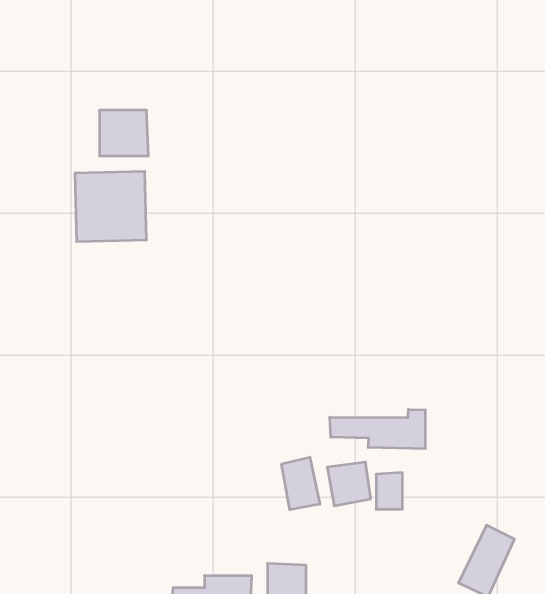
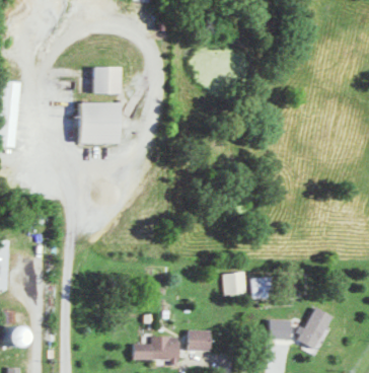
building: [330,409,425,449] -> none
building: [282,457,320,510] -> none
building: none -> [269,319,291,340]

